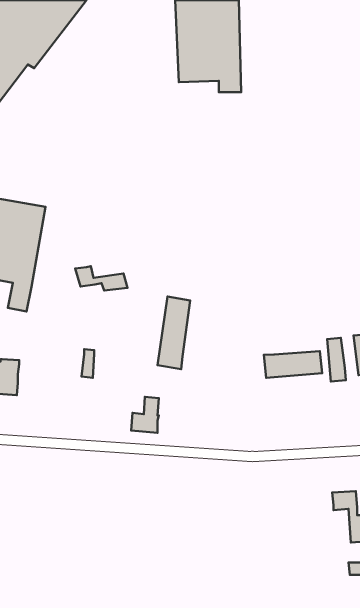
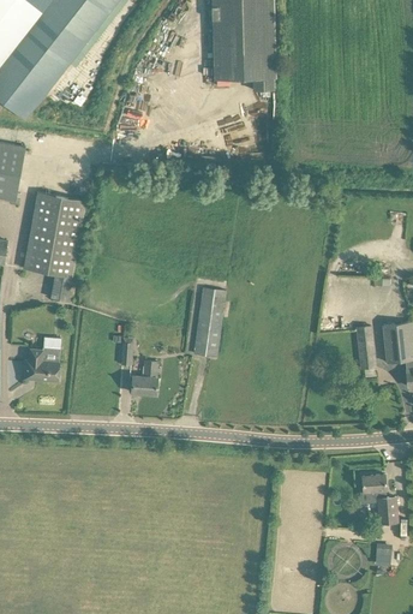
building: [75,266,128,291] -> none
building: [264,351,322,378] -> none
building: [131,397,159,433] -> [131,359,157,394]

